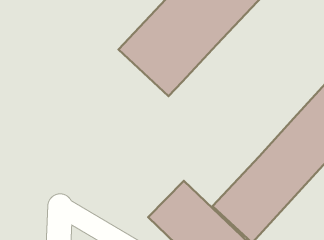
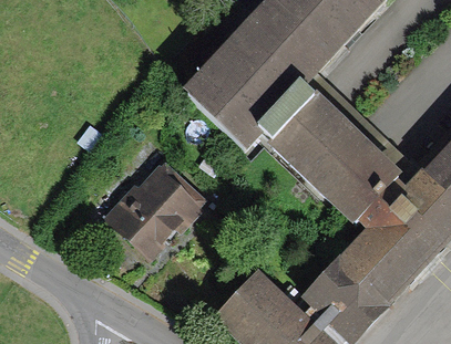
building: none -> [260,86,407,232]
building: none -> [107,164,202,259]

